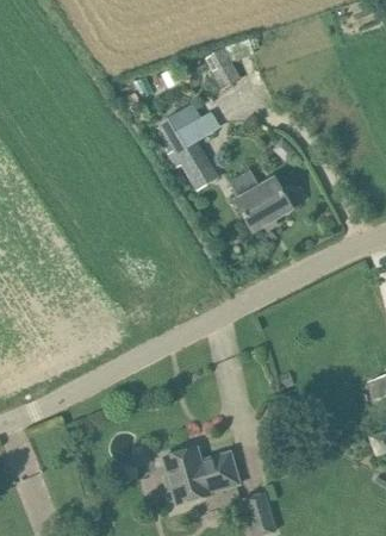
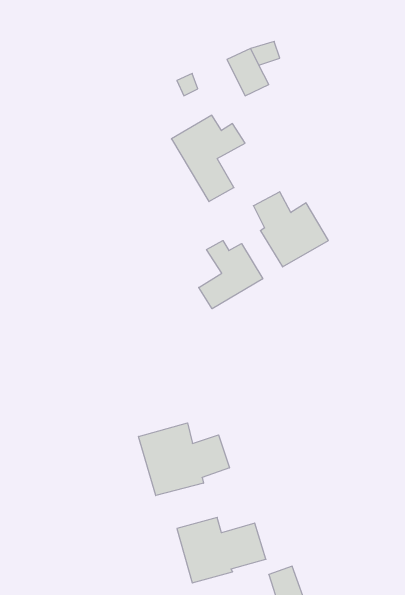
building: none -> [199,241,263,309]
building: none -> [139,423,229,496]

